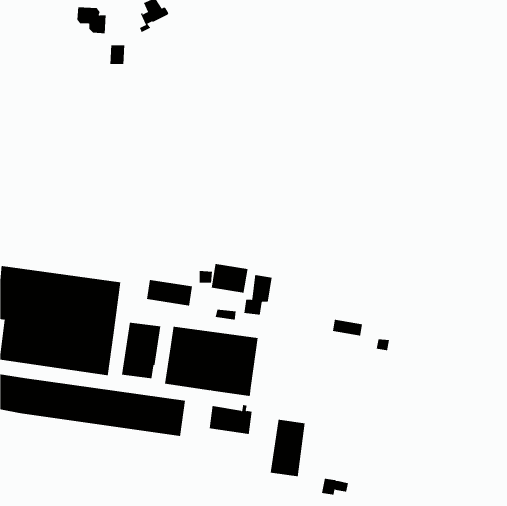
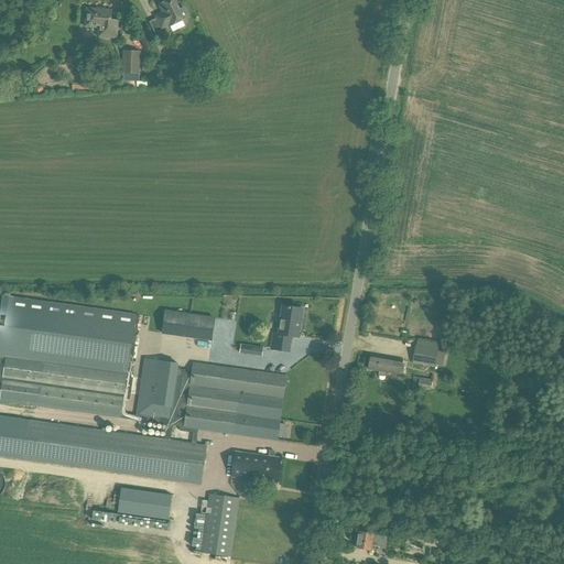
building: [211,263,248,294] -> none
building: none -> [411,343,437,365]
building: [270,419,306,477] -> [199,491,239,555]
building: none -> [118,484,174,514]

